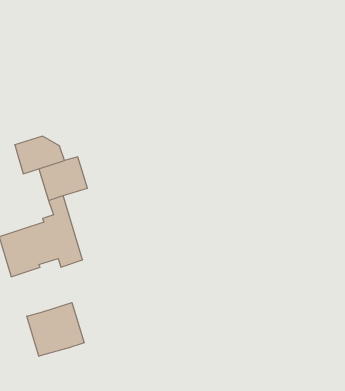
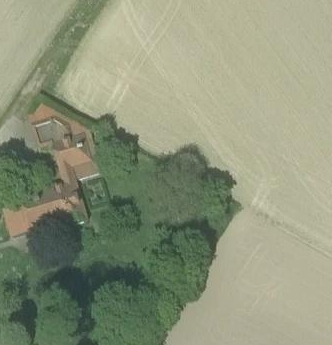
building: [27,303,84,356] -> none

